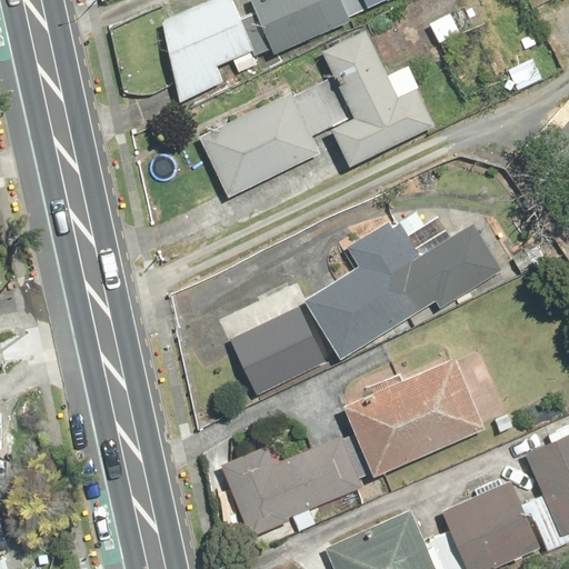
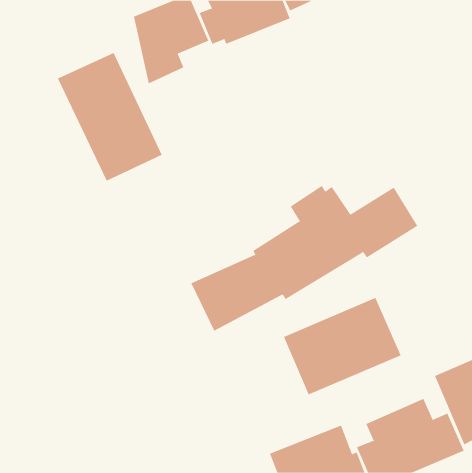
building: [198,28,437,197] -> none
building: none -> [57,52,163,182]
building: [221,437,363,537] -> none

